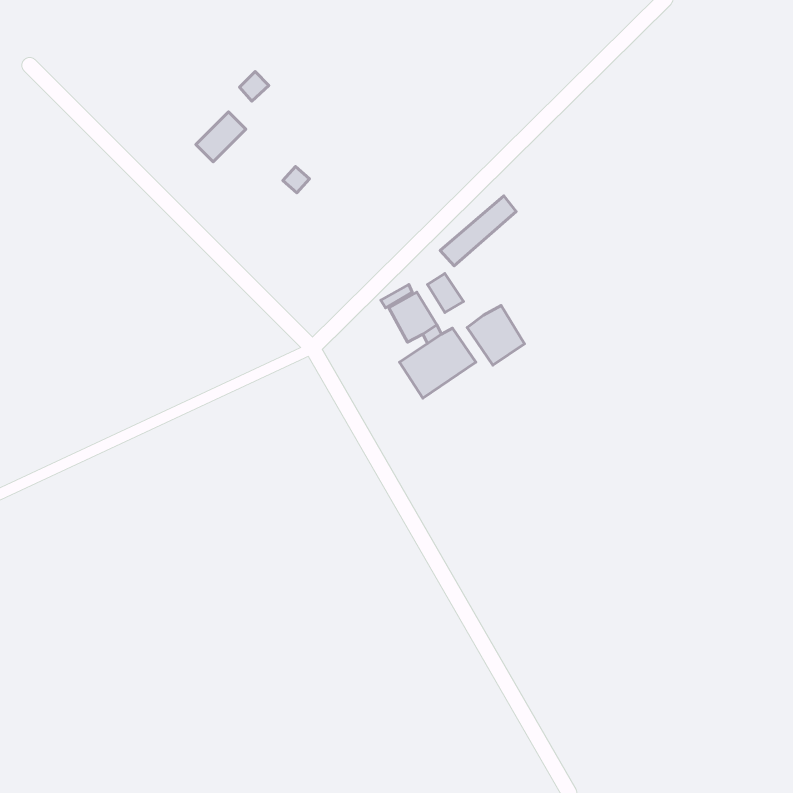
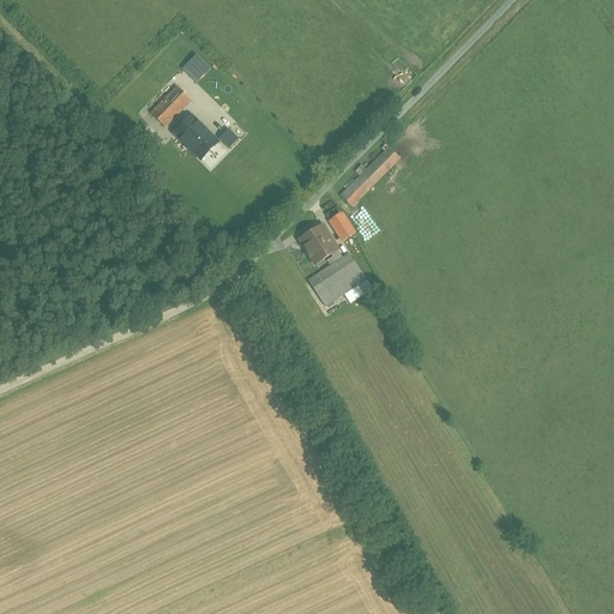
building: none -> [176,116,218,158]
building: [467,305,524,365] -> none

